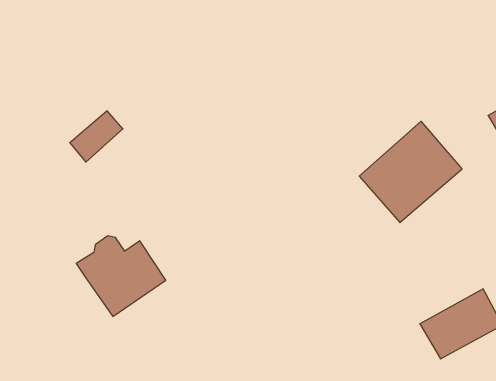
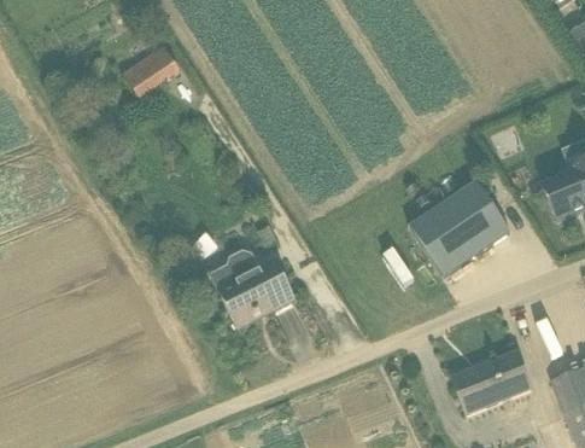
building: [70,111,123,162] -> [125,47,179,94]
building: [76,236,166,316] -> [210,248,294,326]

